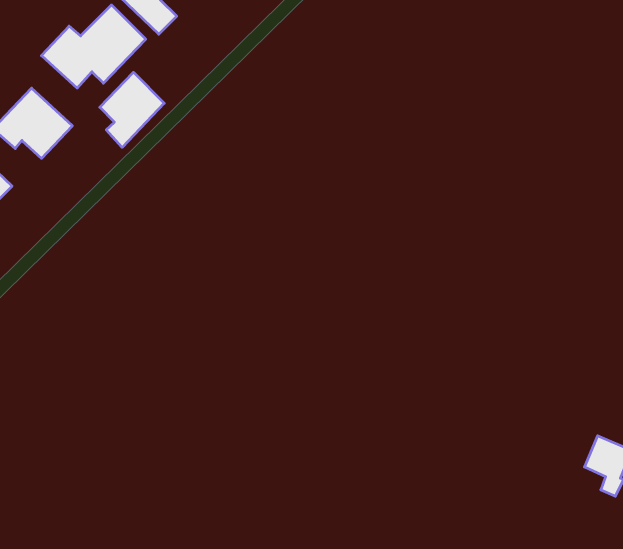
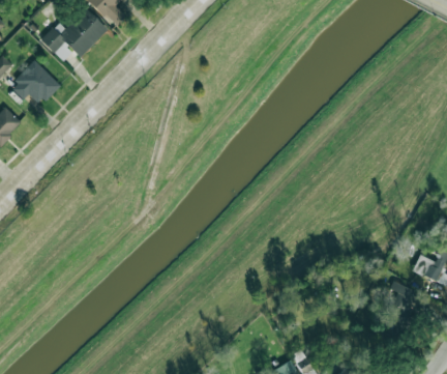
building: [100,72,164,147] -> none

